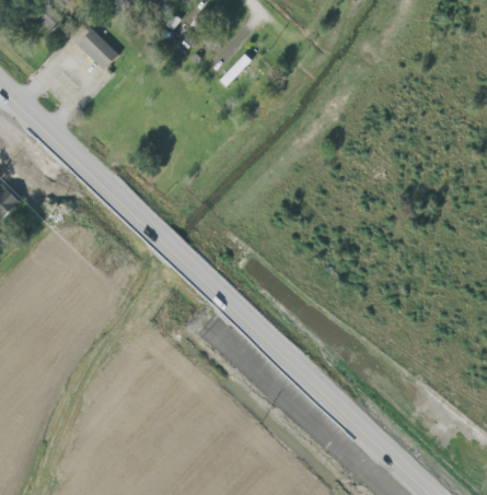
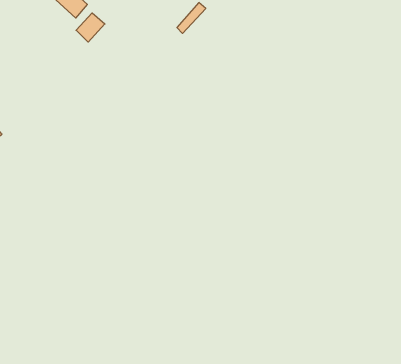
building: none -> [76,13,105,42]

